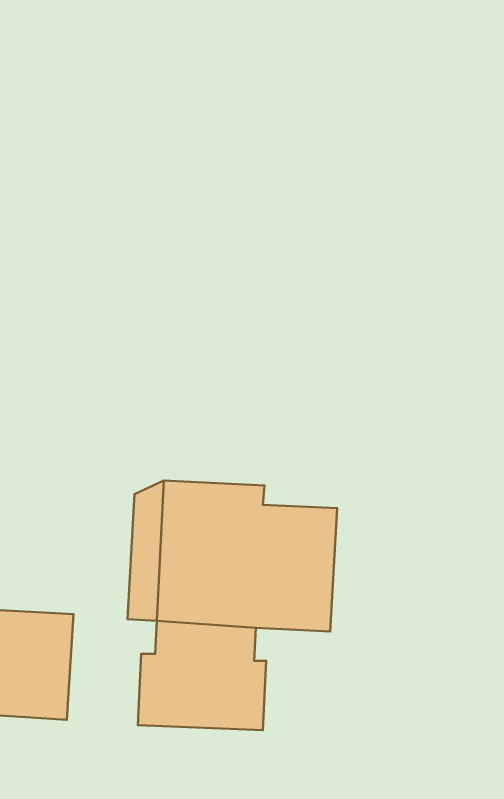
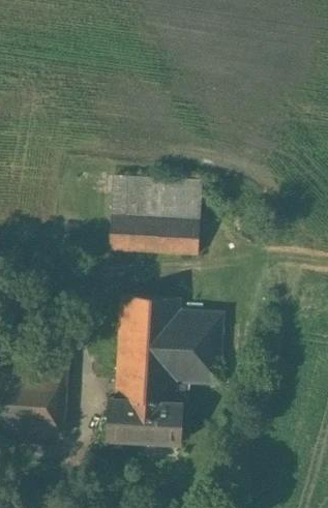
building: none -> [110,179,204,255]

